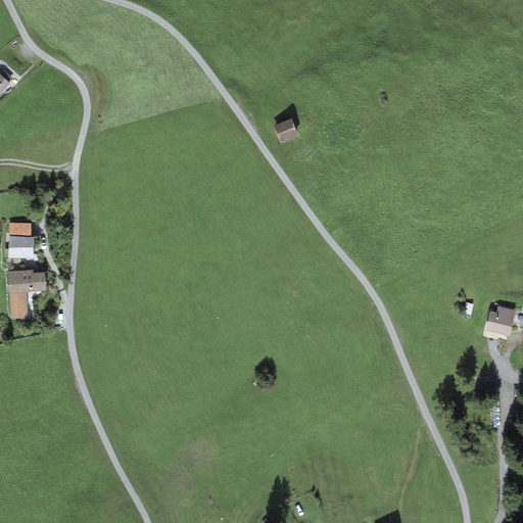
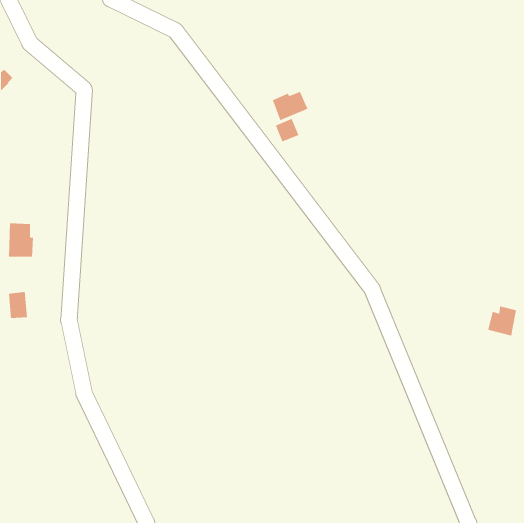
building: none -> [272,91,309,121]
building: [7,269,47,292] -> none

